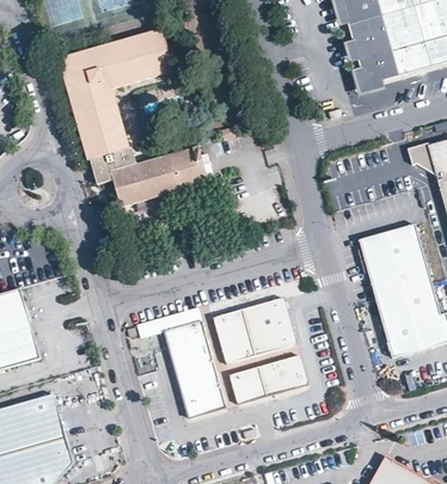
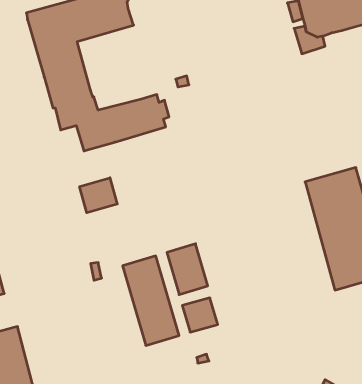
building: none -> [80,178,117,213]
building: [241,295,293,351] -> none
building: [257,353,305,393] -> none

